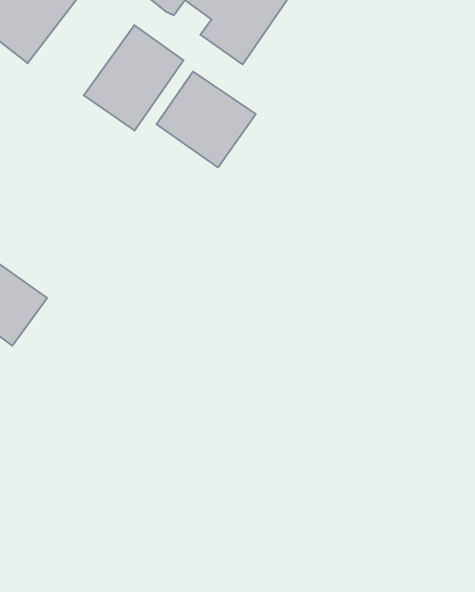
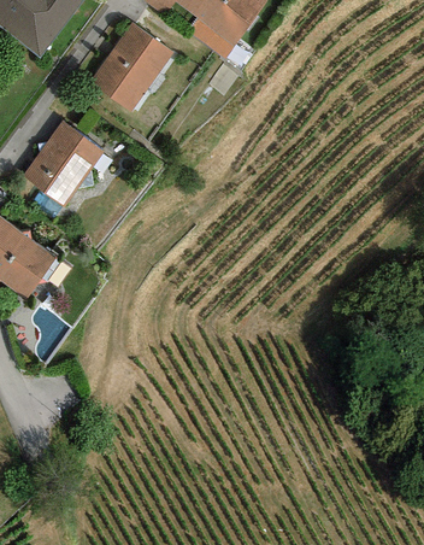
building: [157,72,256,167] -> none
building: none -> [22,119,102,204]

